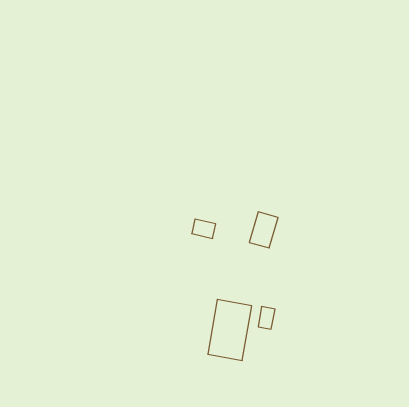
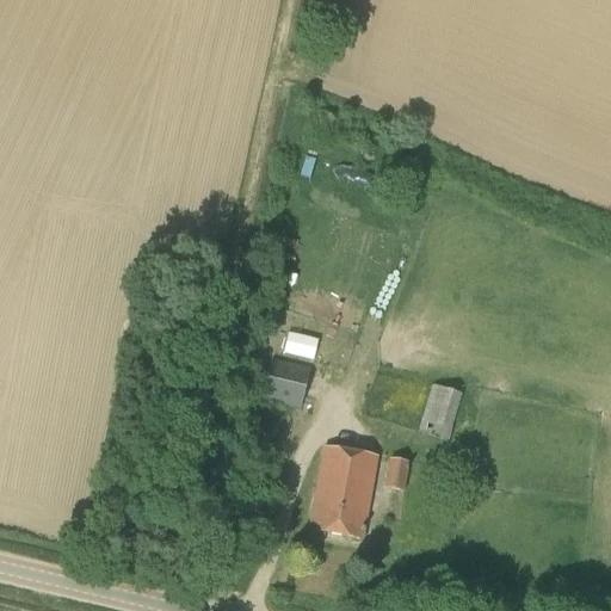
building: [249,212,278,248] -> [419,383,462,437]
building: none -> [263,356,310,406]

